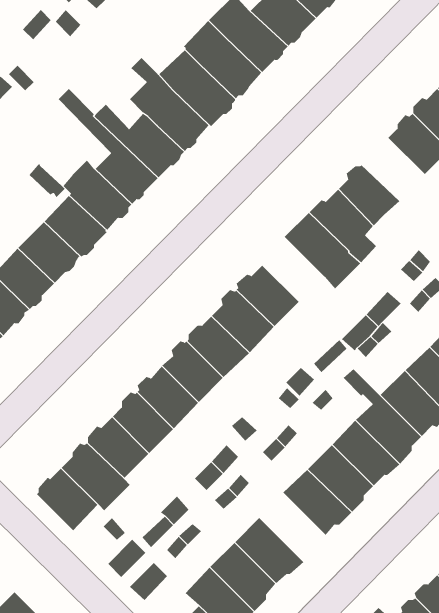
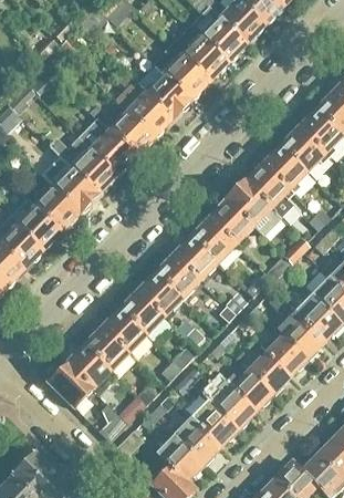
building: none -> [280,127,325,173]
building: none -> [209,198,253,245]
building: none -> [207,381,254,430]

